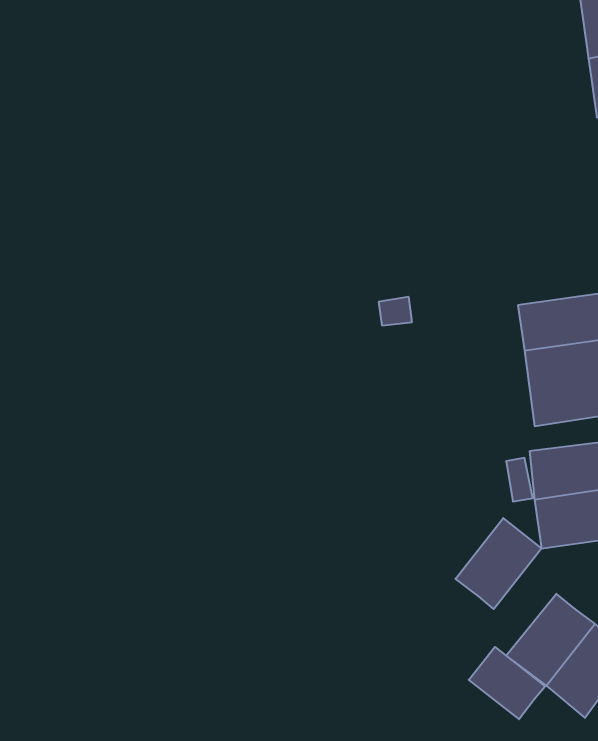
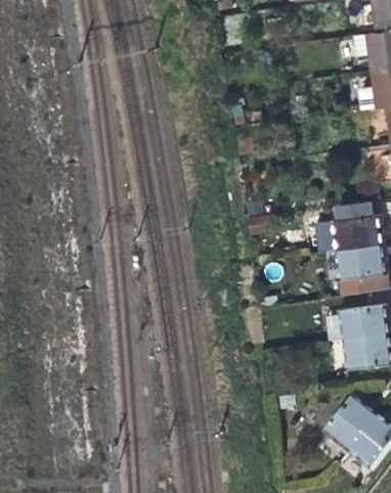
building: [455,518,541,609] -> none
building: [469,647,545,719] -> none

